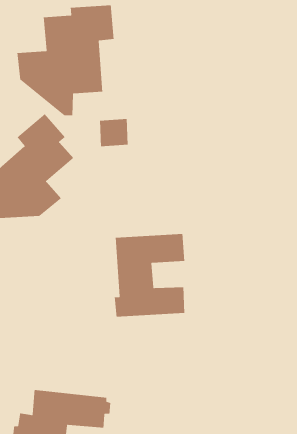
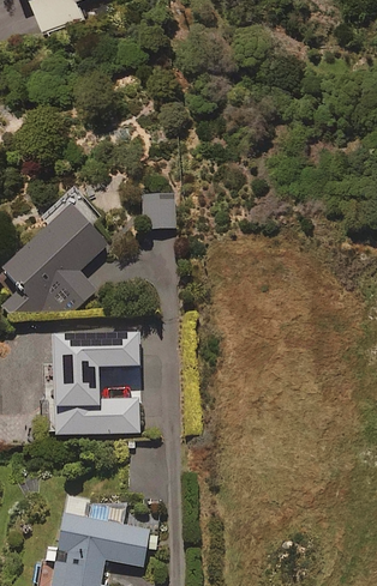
building: [16,4,114,116] -> none
building: [114,233,185,318] -> [53,336,138,436]

